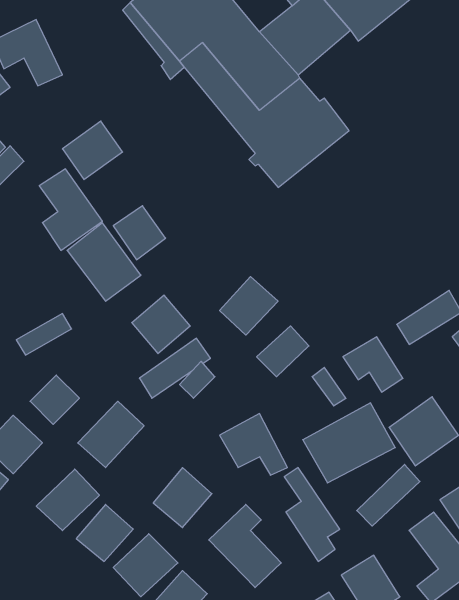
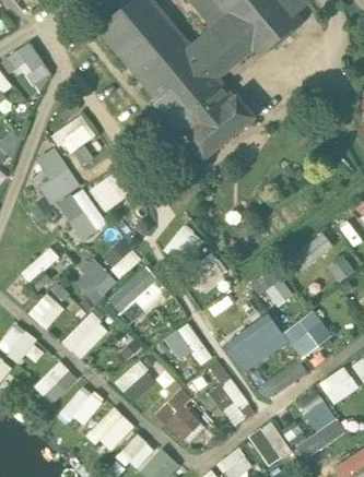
building: none -> [73,259,117,302]

